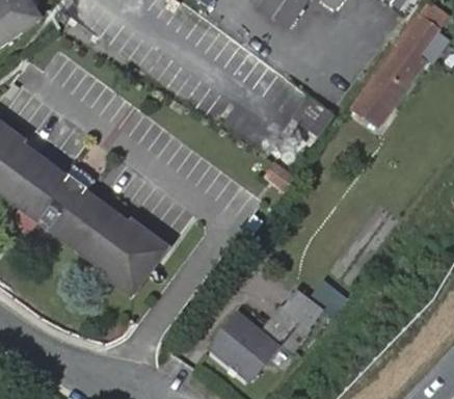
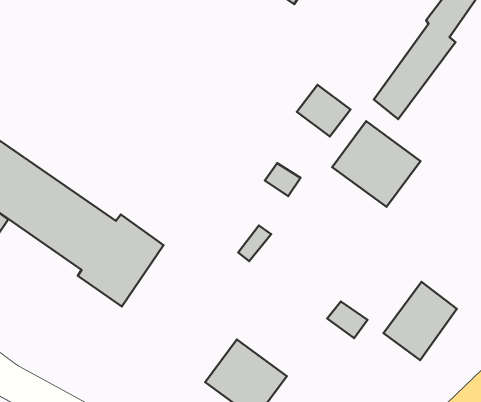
building: none -> [332,121,420,207]
building: [264,289,326,355] -> [384,282,457,360]

